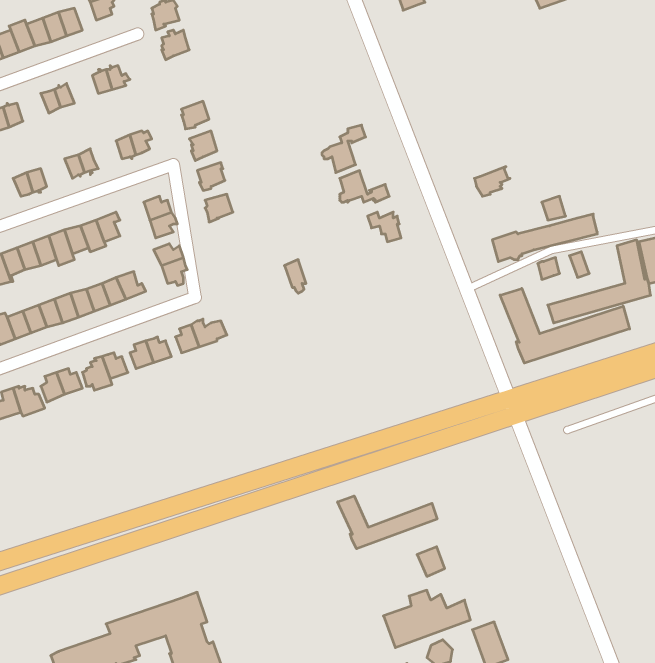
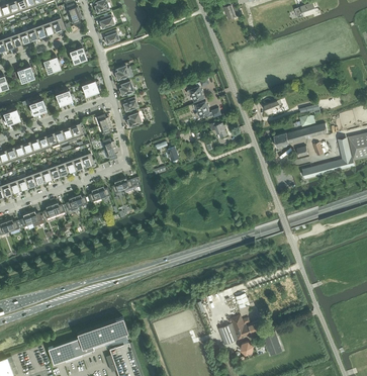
building: [500,288,630,363] -> none
building: [338,496,437,549] -> none

